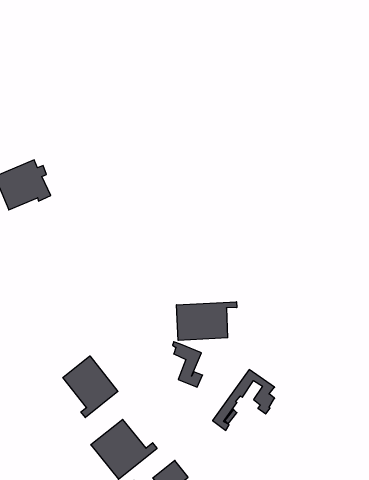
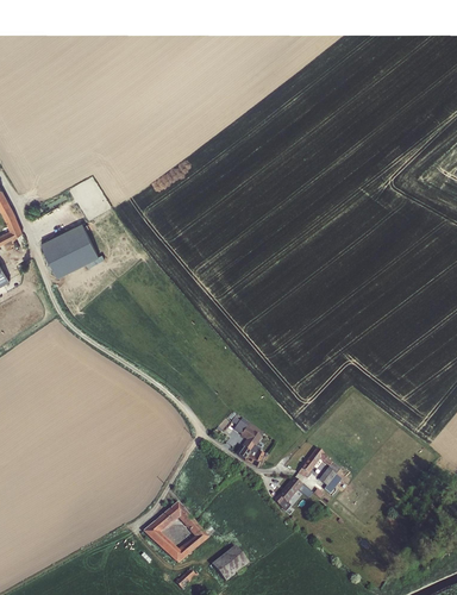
building: [177,302,237,340] -> none
building: [63,356,118,418] -> none

